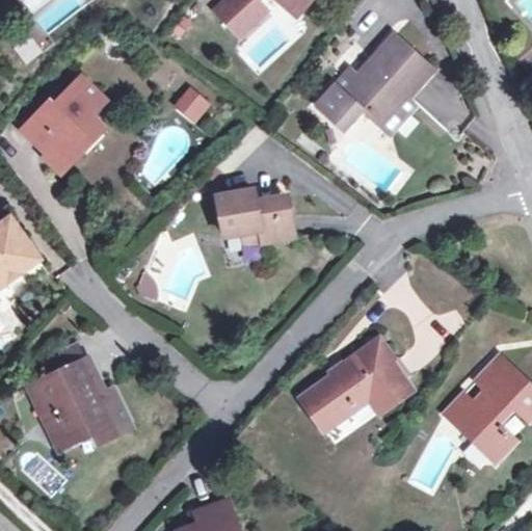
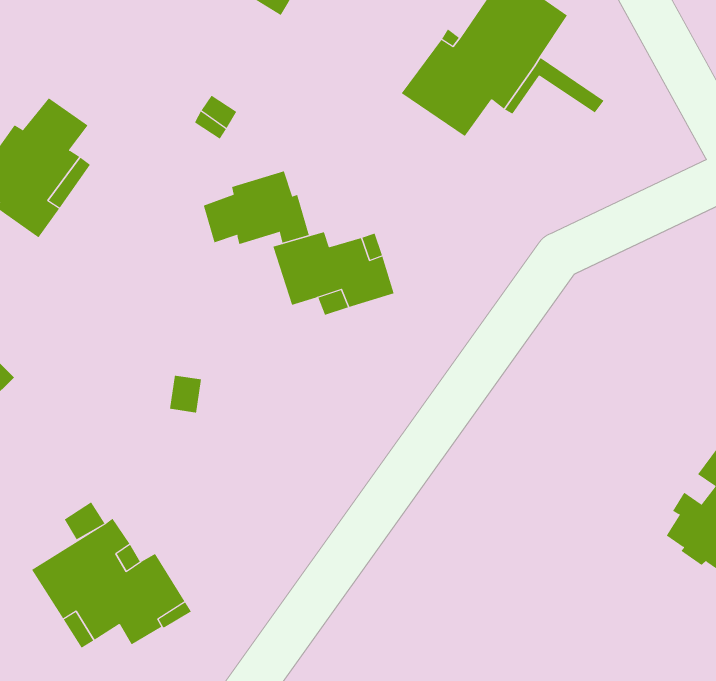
building: none -> [203,171,309,245]
building: [302,339,410,429] -> none

